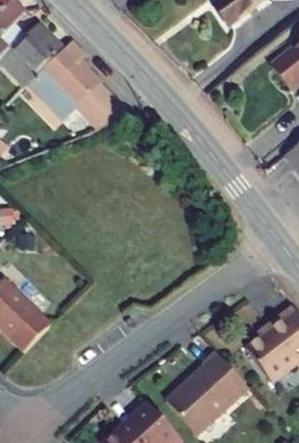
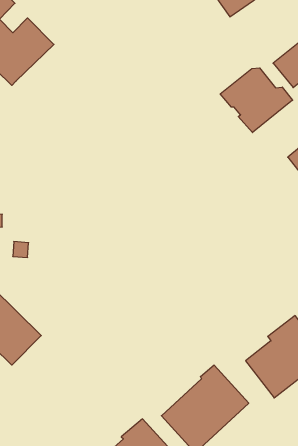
building: [27,40,129,129] -> none
building: none -> [220,68,293,133]

